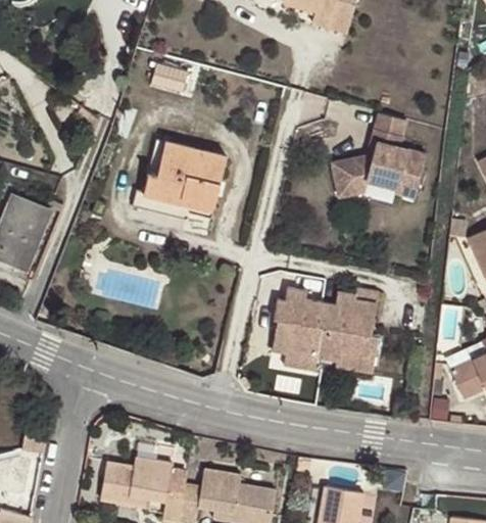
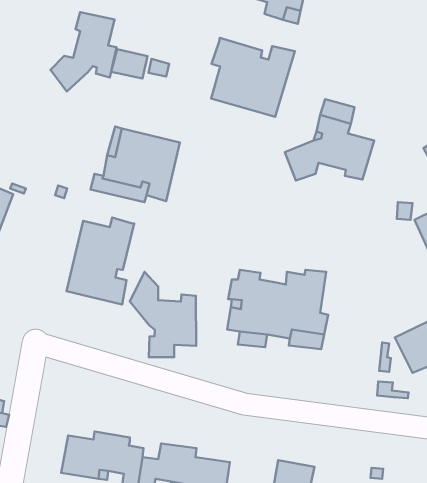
building: none -> [50,12,117,92]
building: none -> [211,38,295,117]
building: none -> [66,218,134,304]
building: none -> [130,272,196,357]

